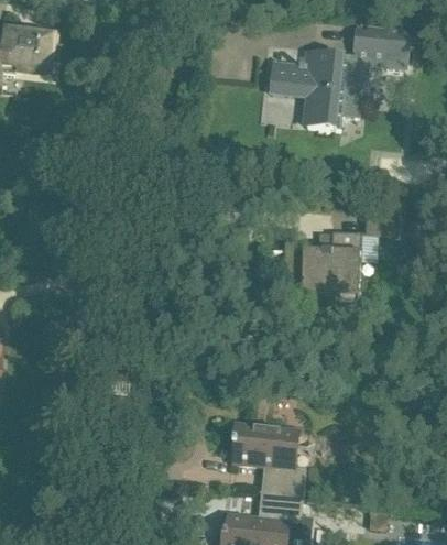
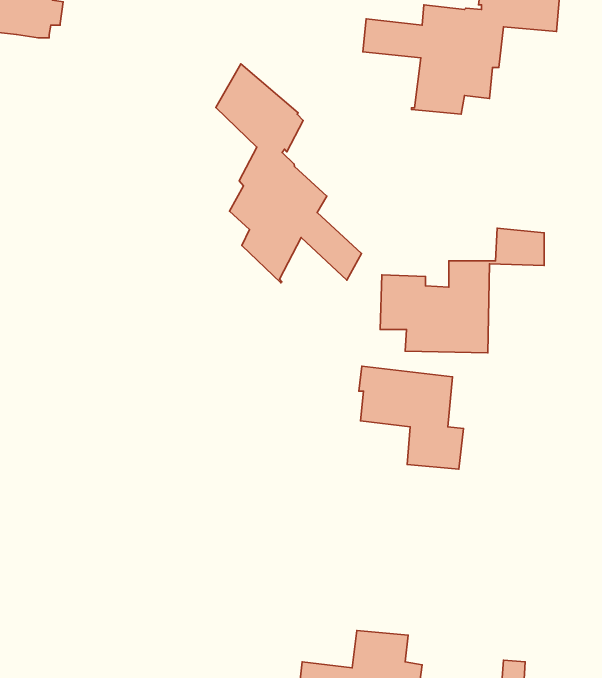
building: none -> [216,64,362,283]
building: [230,421,304,493] -> [359,366,463,469]

